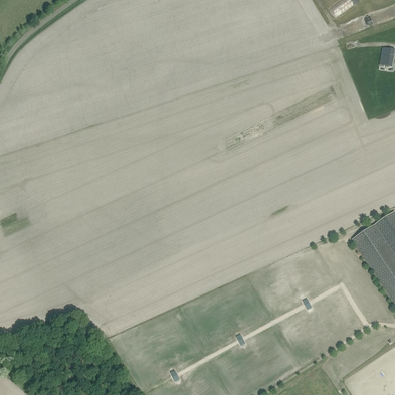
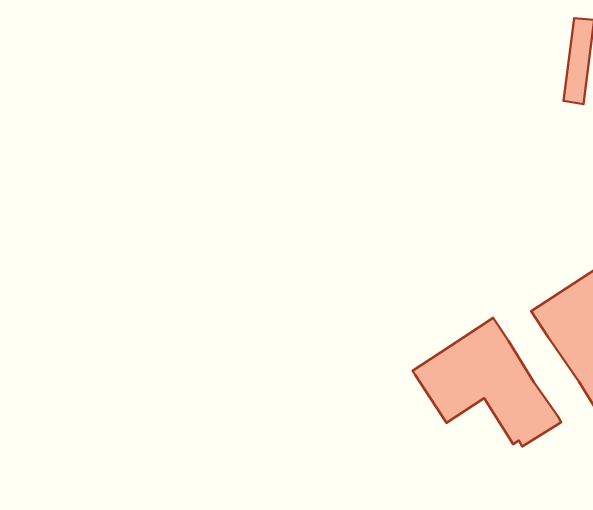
building: none -> [413,318,561,446]

